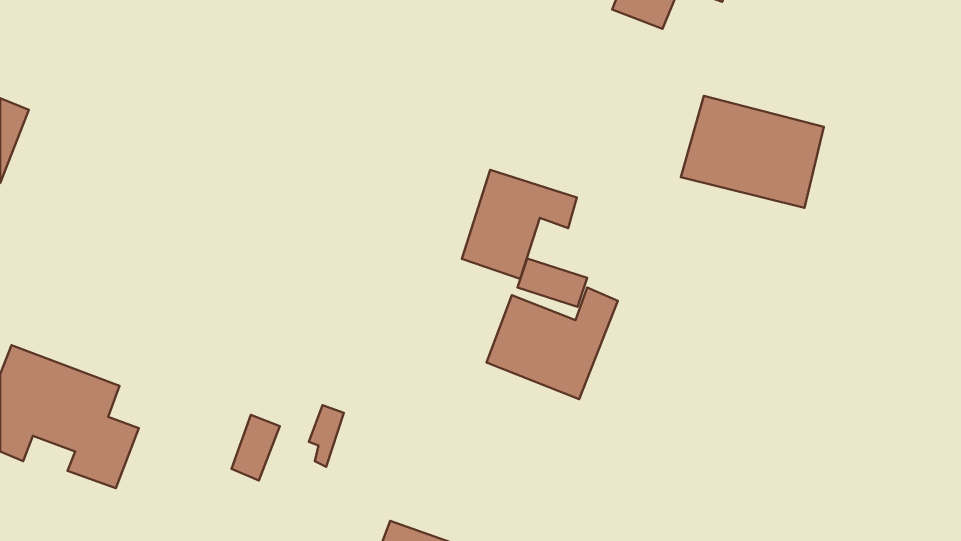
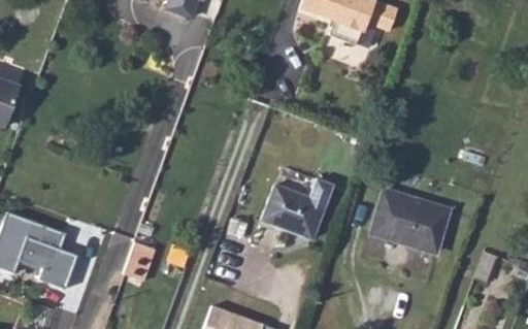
building: [681,96,824,208] -> [369,192,446,252]
building: [462,170,577,279] -> none

